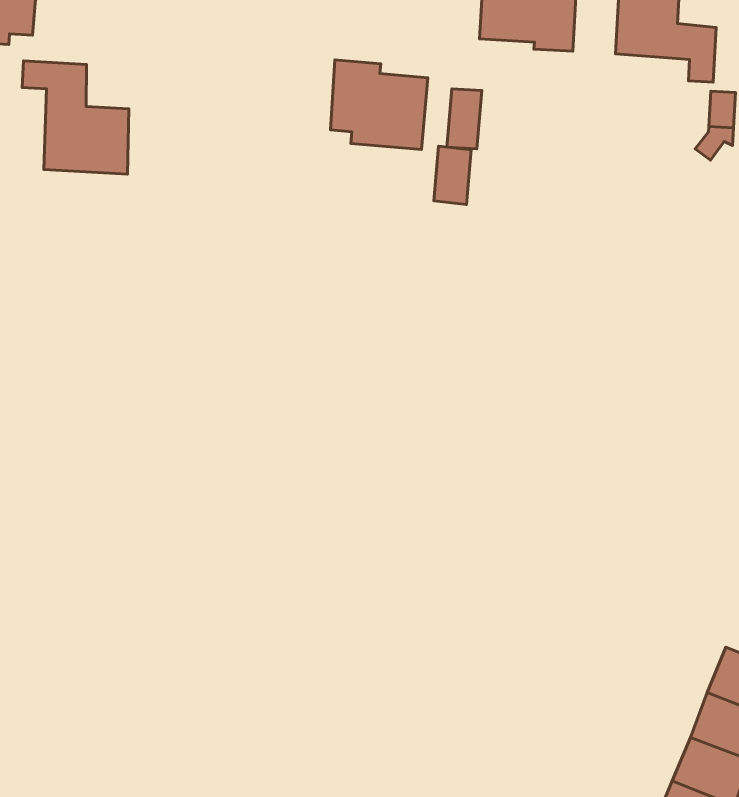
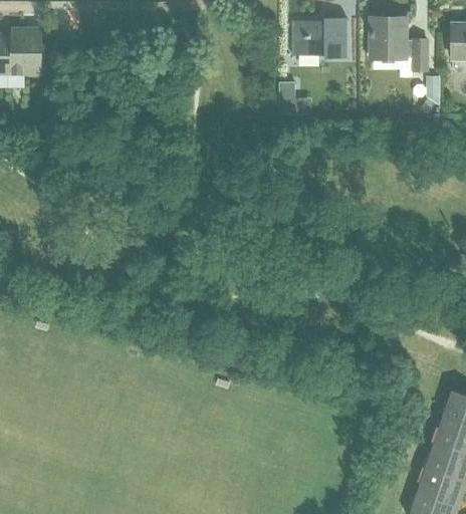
building: [330,60,428,150] -> none
building: [22,61,129,174] -> none
building: [434,146,471,205] -> none

